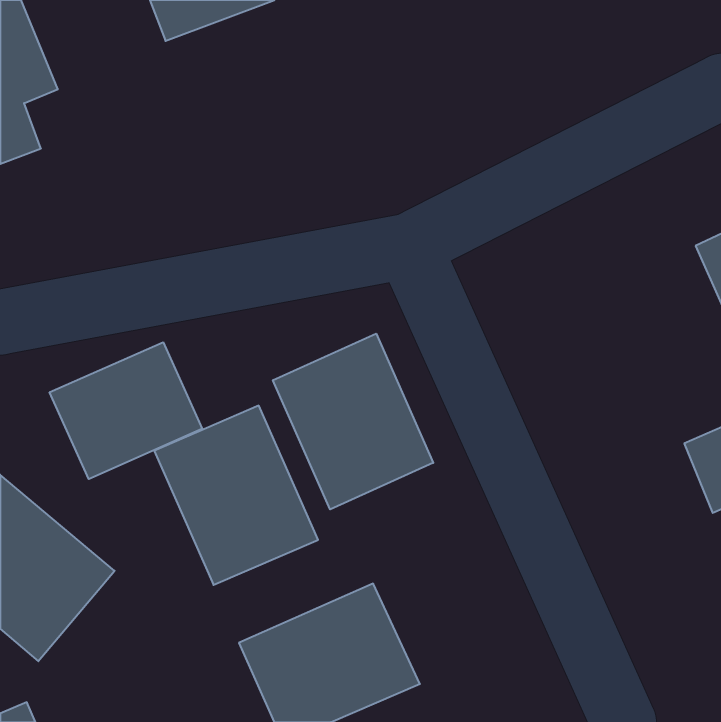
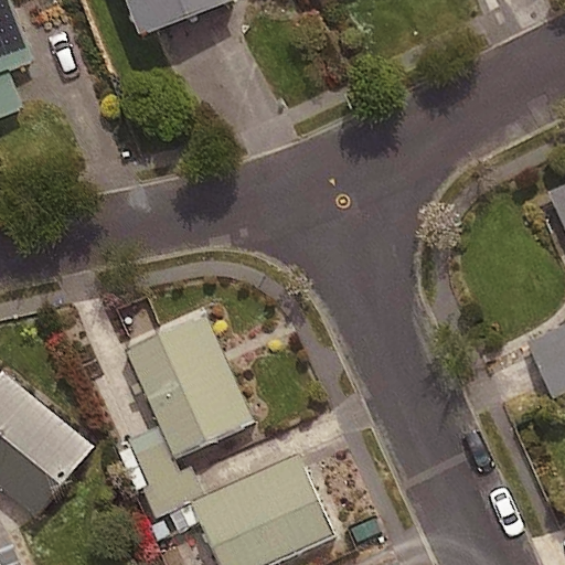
building: [273,334,433,509] -> none
building: [50,342,202,479] -> none

